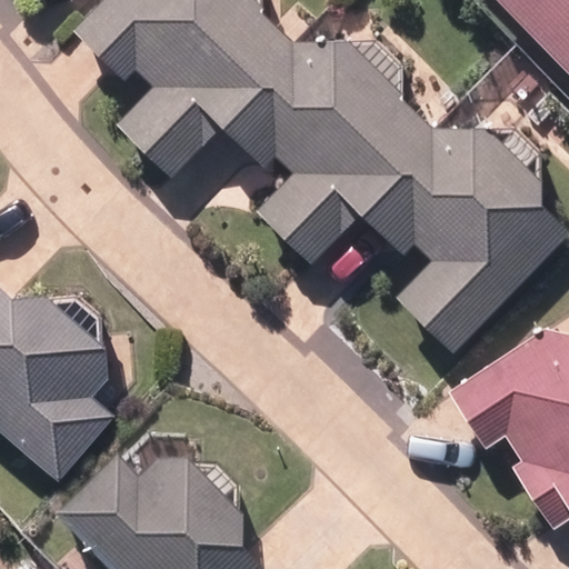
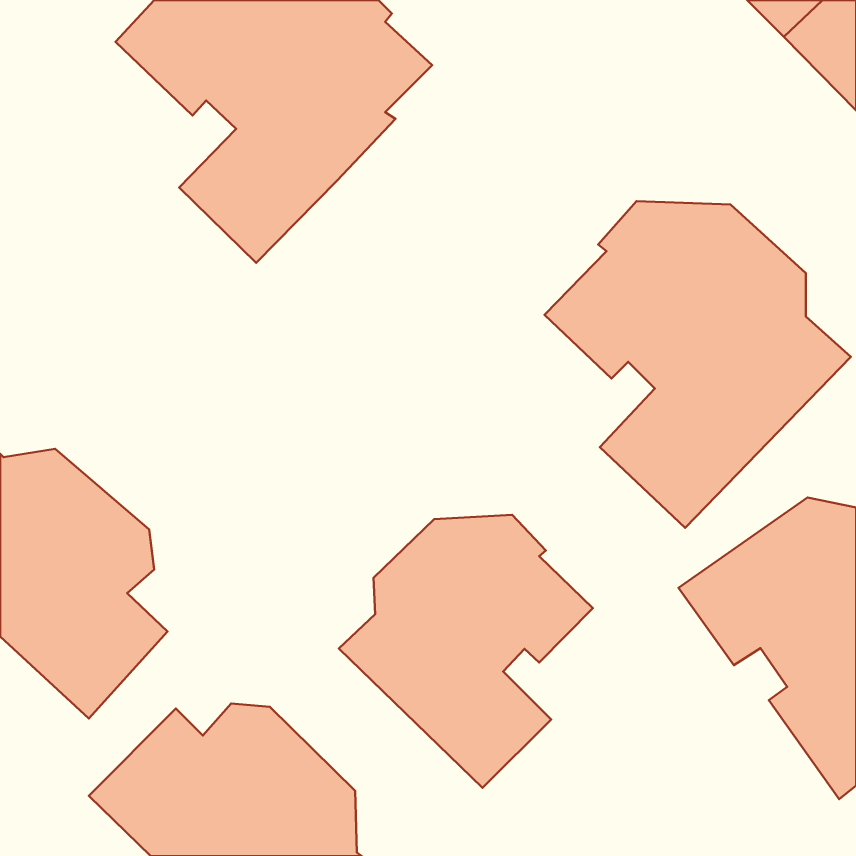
building: [223,43,422,261] -> none
building: none -> [339,515,593,788]

